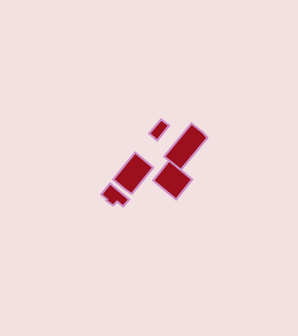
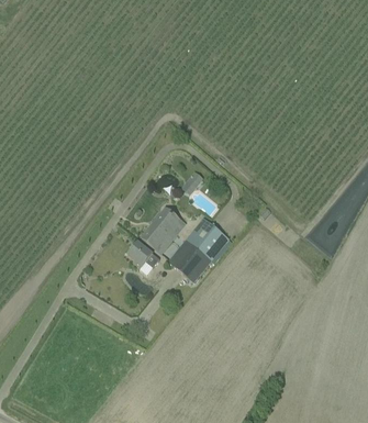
building: [164,123,207,170] -> none
building: none -> [167,238,210,281]

